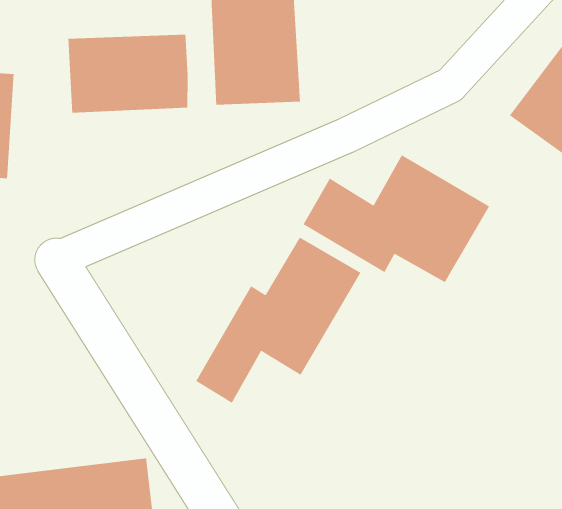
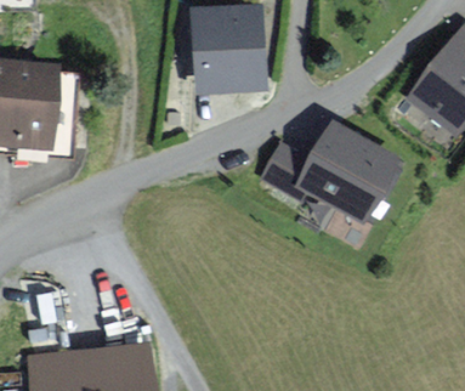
building: [67,34,188,114] -> none
building: [195,236,361,404] -> none

